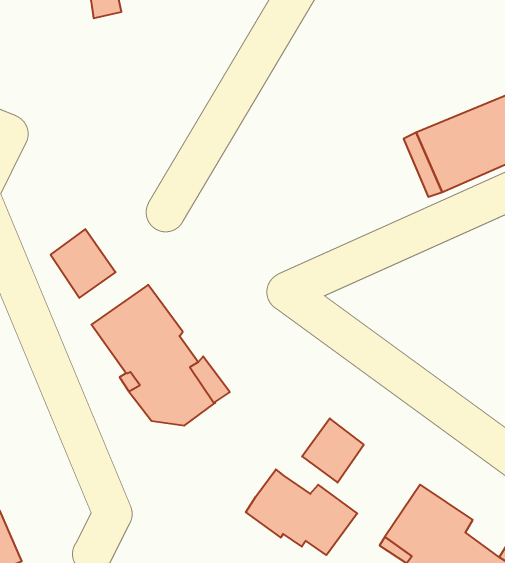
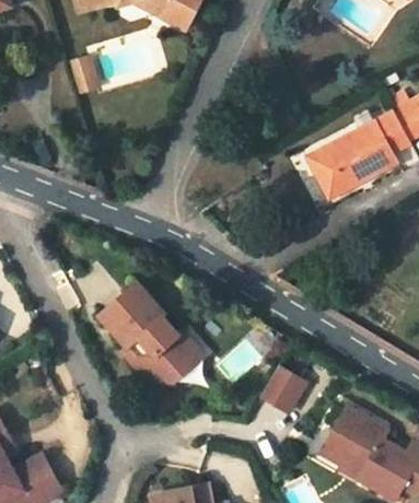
building: [51,229,116,298] -> none
building: [246,469,357,555] -> none

